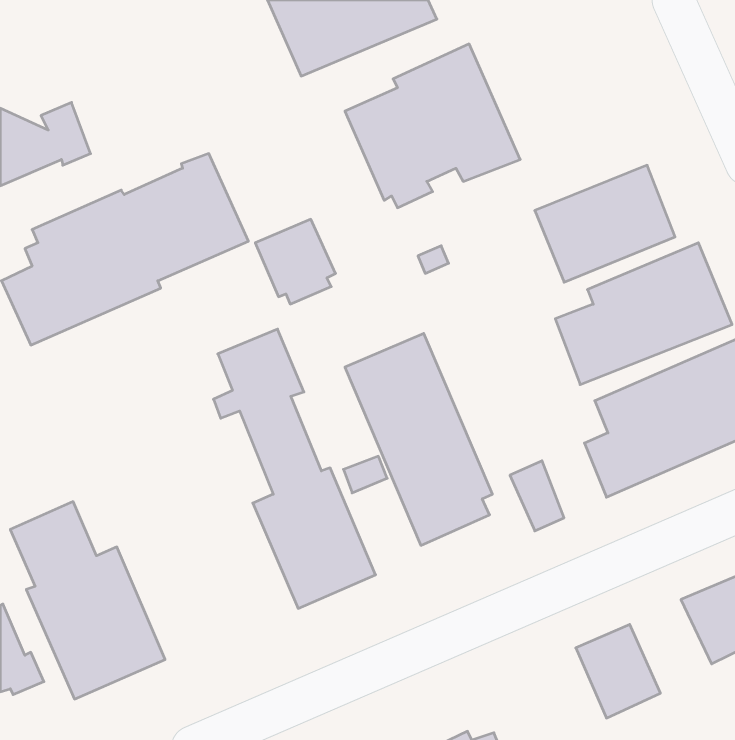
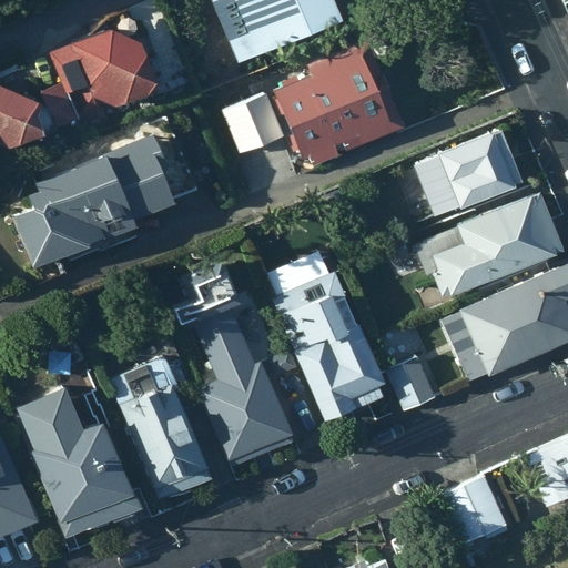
building: none -> [51,27,154,122]
building: [255,219,336,304] -> [224,95,285,160]
building: none -> [108,356,212,500]

